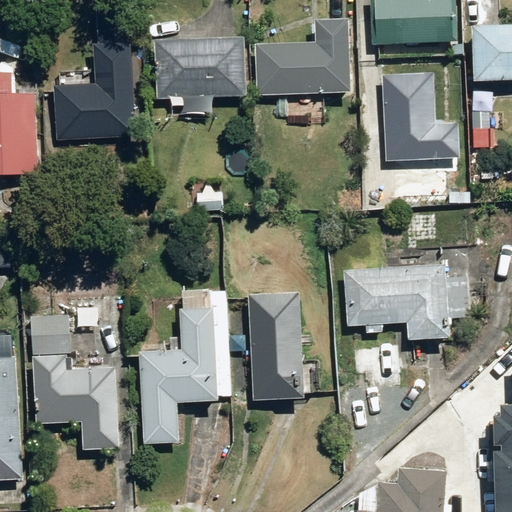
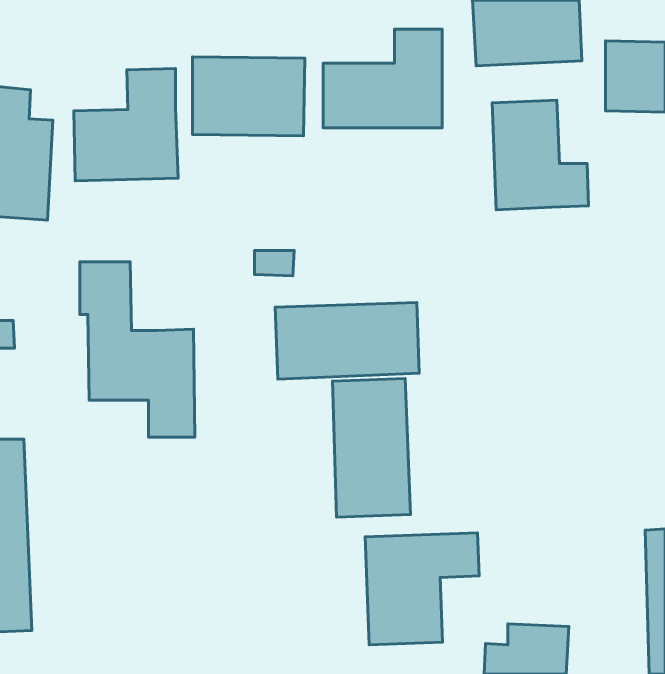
building: none -> [275,302,419,379]
building: [343,259,471,336] -> none
building: [143,290,227,440] -> none
building: [32,313,119,446] -> [80,262,195,437]
building: none -> [365,533,479,645]

